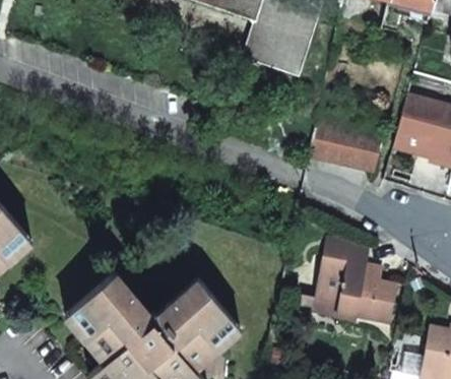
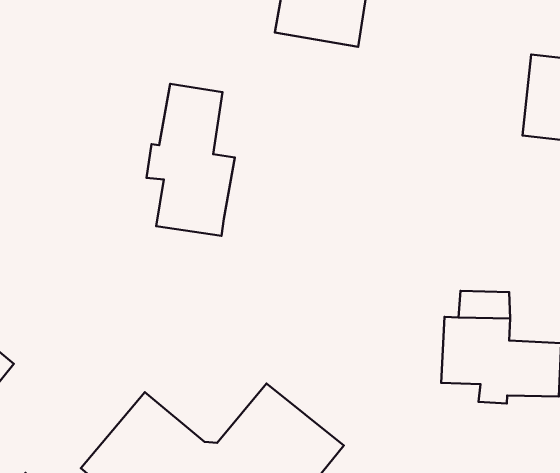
building: none -> [146,84,235,236]
building: [306,121,384,176] -> none

